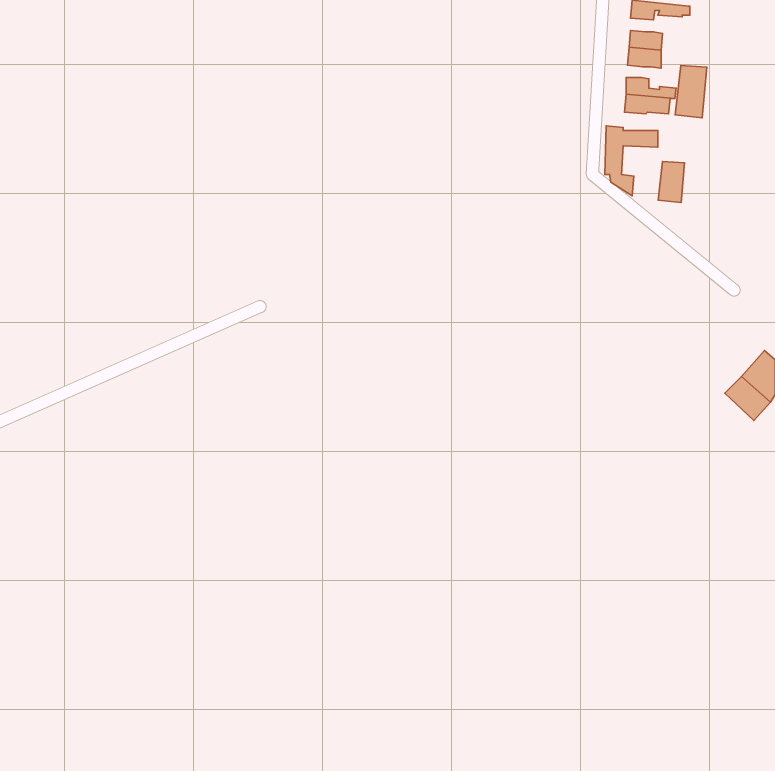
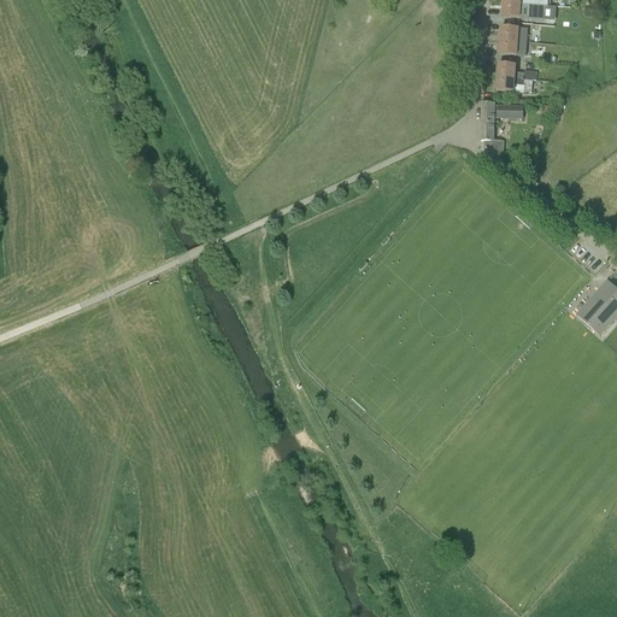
building: [675,65,707,118] -> none
building: [658,162,685,203] -> none

